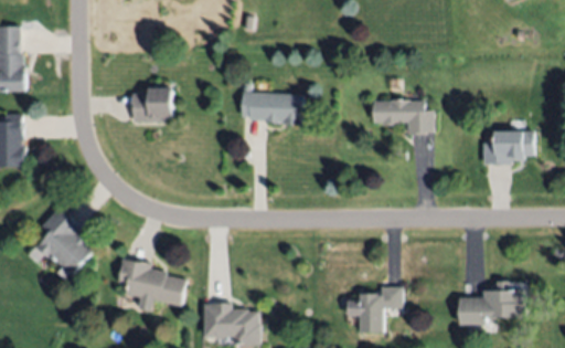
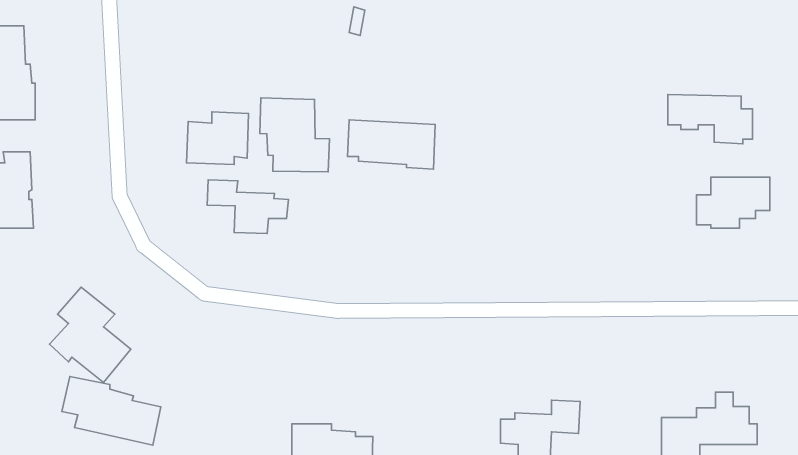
building: none -> [260,98,329,172]
building: [374,102,433,136] -> [668,95,752,144]
building: none -> [207,180,289,234]
building: [117,259,185,306] -> [62,377,161,445]

